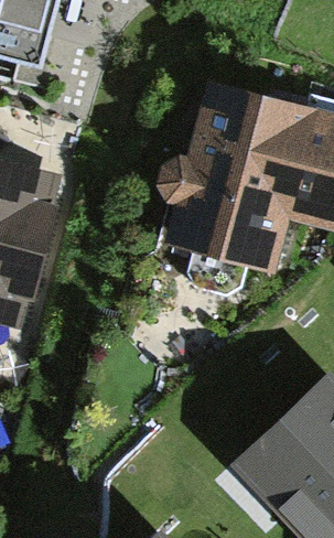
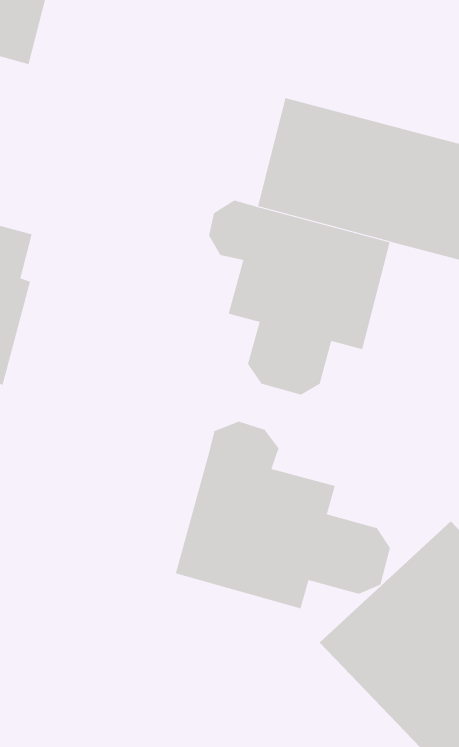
building: none -> [175,421,391,609]

